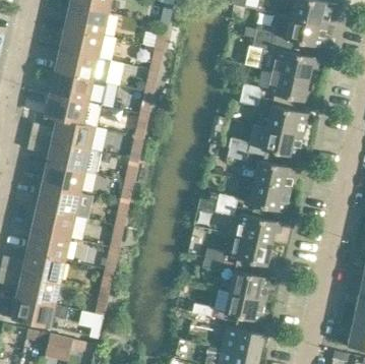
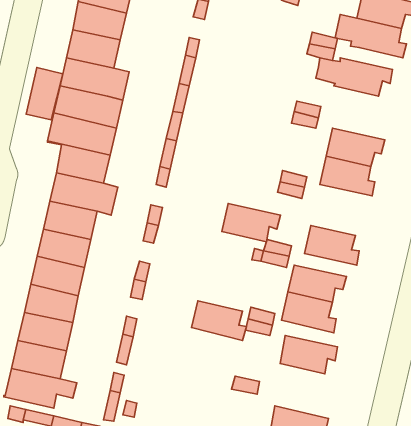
building: none -> [26,68,63,120]
building: [268,71,312,103] -> none
building: [254,160,301,190] -> [222,204,281,242]
building: [225,292,268,323] -> [191,301,246,340]

